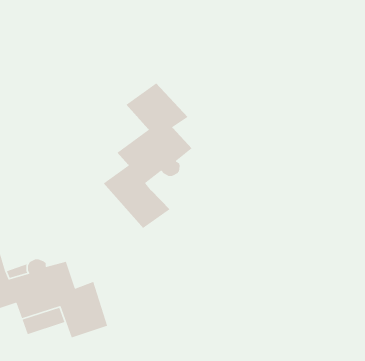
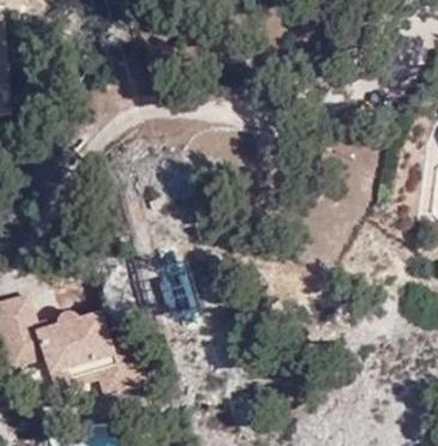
building: [103,82,192,229] -> none

